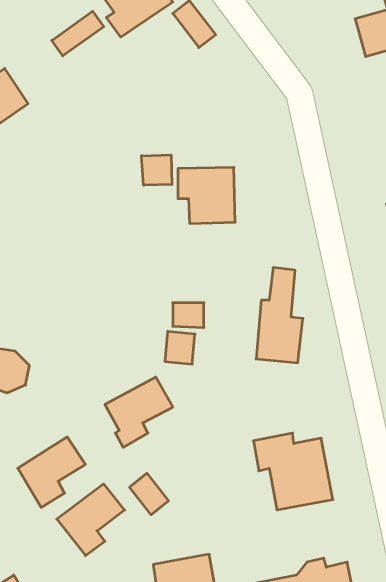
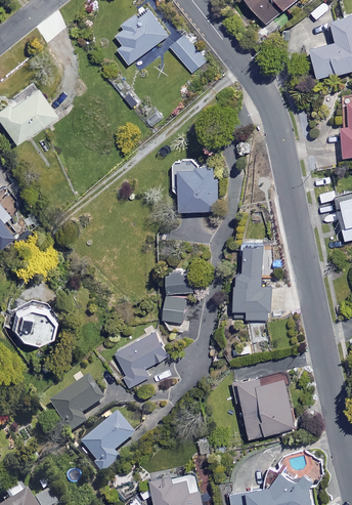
building: [52,11,104,56] -> none
building: [141,155,172,185] -> none
building: [130,473,168,515] -> none

